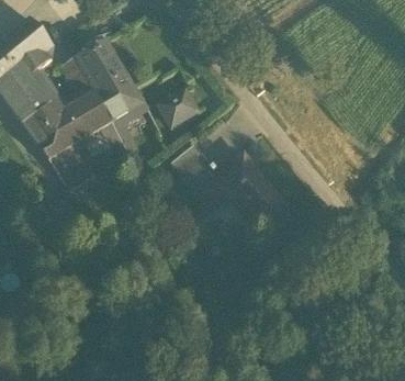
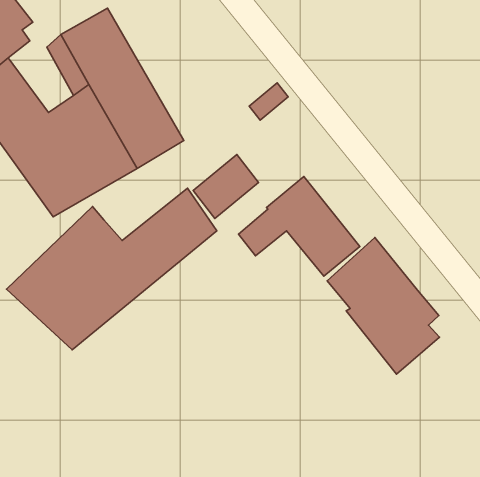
building: [159,86,196,121] -> none
building: none -> [6,188,217,350]
building: none -> [327,238,439,374]

